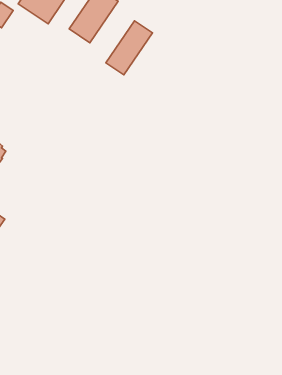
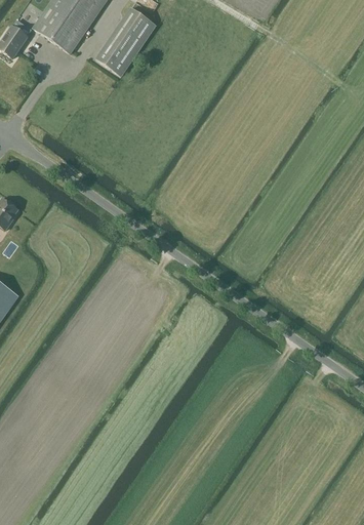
building: [106,21,152,75] -> none

